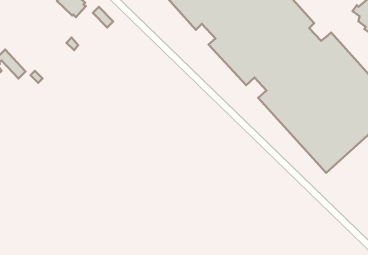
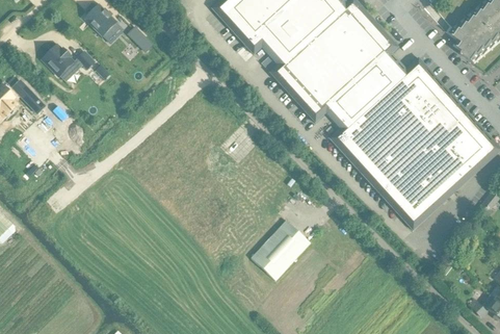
building: none -> [42,44,94,78]
building: none -> [249,220,309,280]

